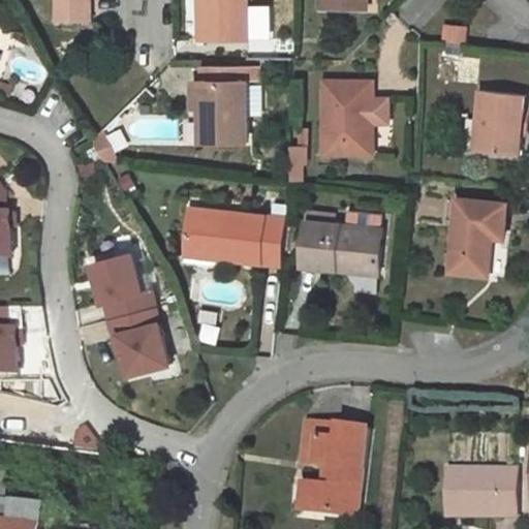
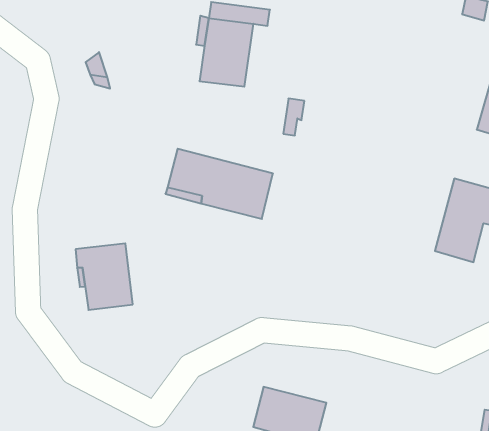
building: [320,81,370,153] -> none
building: [299,212,380,273] -> none
building: [89,252,153,318] -> none

